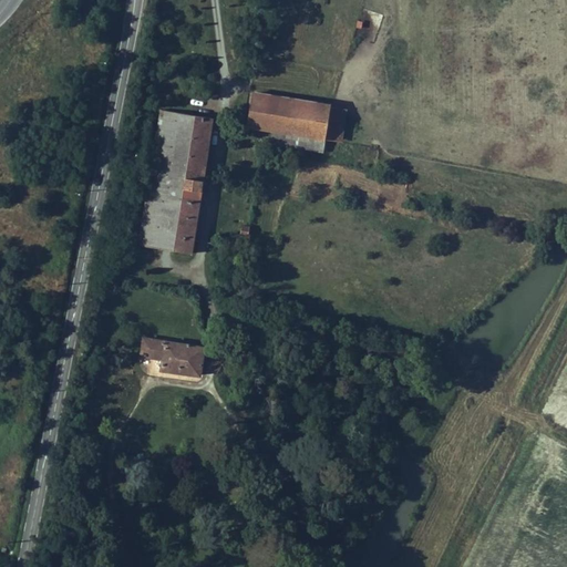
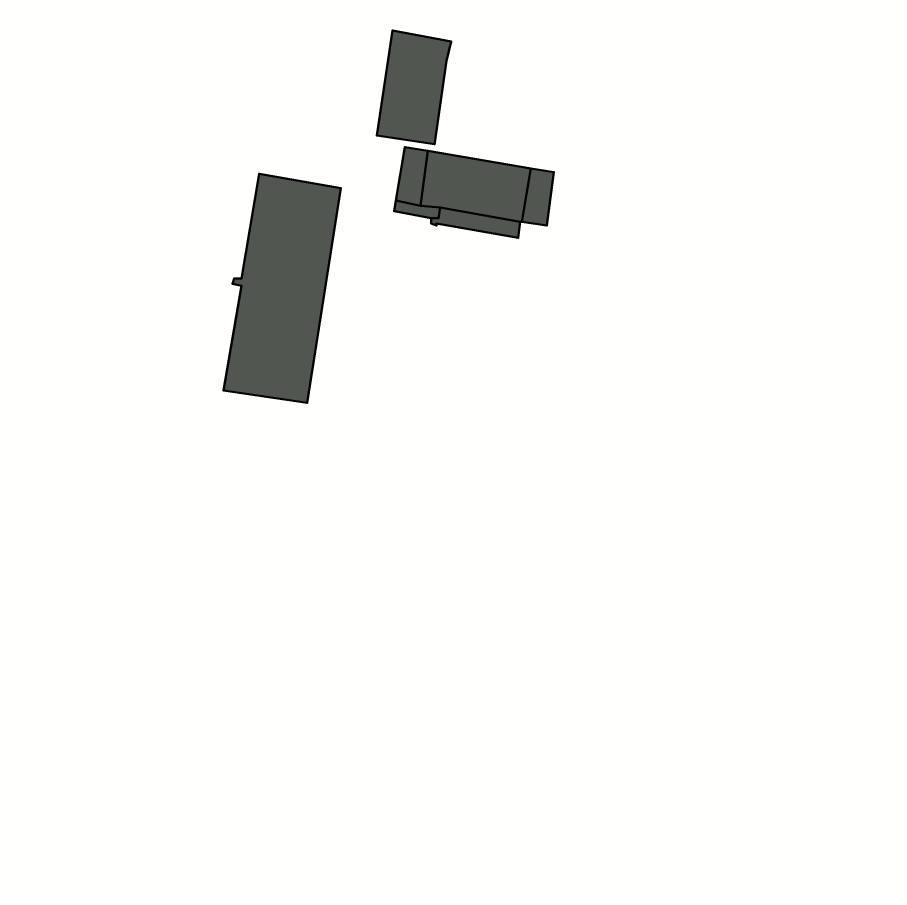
building: none -> [377,30,451,144]
building: [142,337,205,374] -> none

